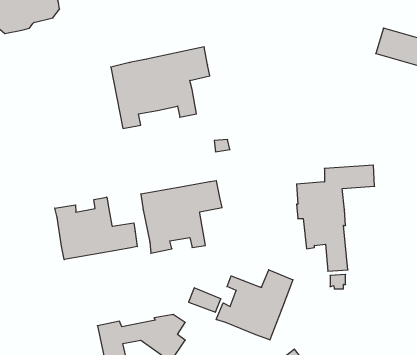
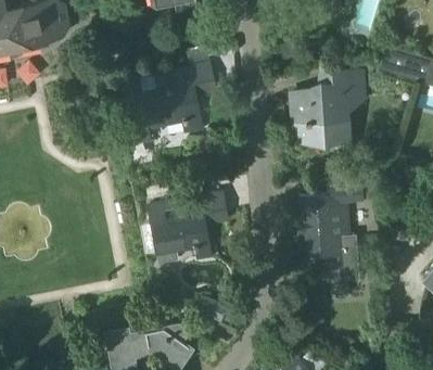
building: none -> [292,73,365,145]
building: [55,197,137,260] -> none
building: [216,270,293,340] -> none

